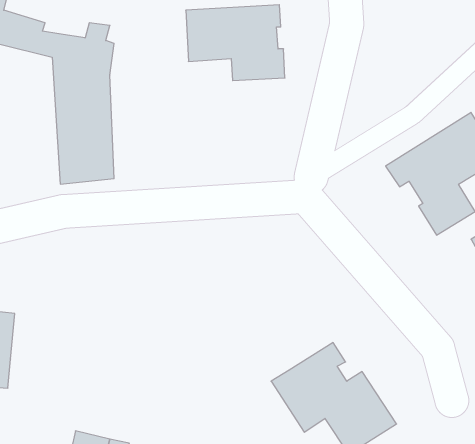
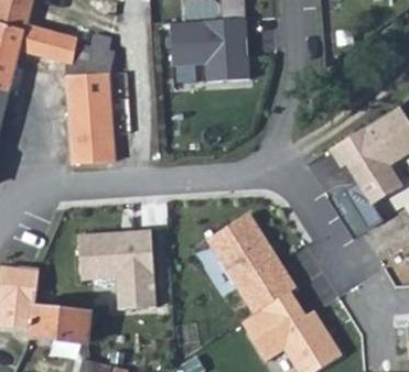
building: none -> [207,212,295,311]
building: none -> [79,230,155,309]
building: none -> [29,303,88,339]

